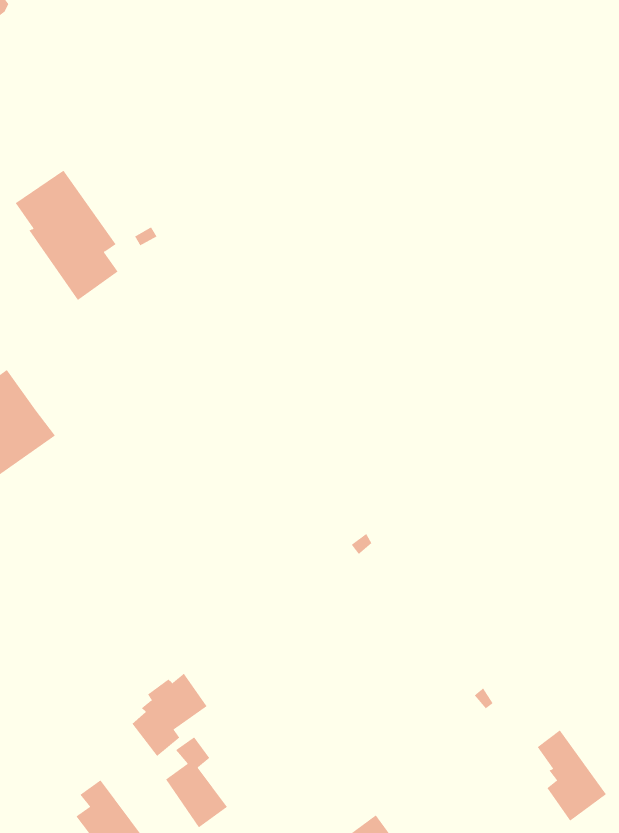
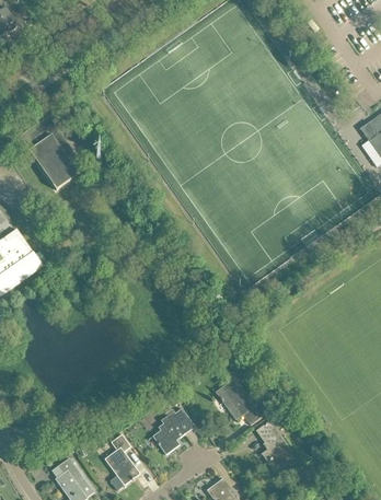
building: none -> [217,380,268,426]
building: [131,673,208,757] -> [152,408,195,455]
building: [537,730,607,821] -> [256,421,296,473]

